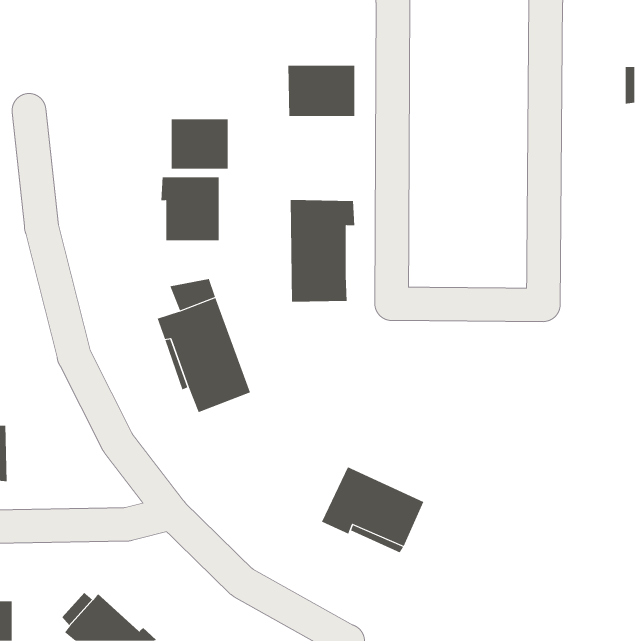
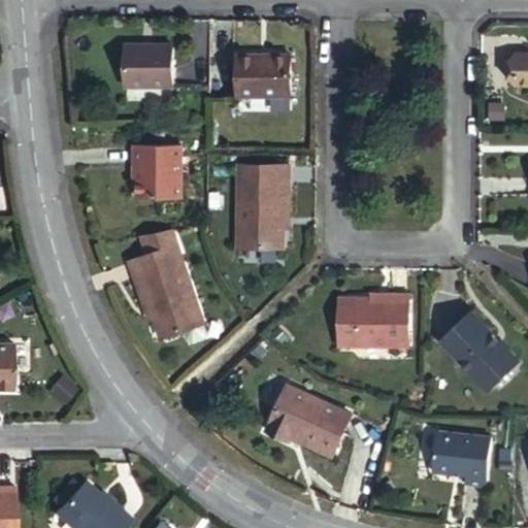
building: [171,119,229,169] -> [124,46,171,88]
building: none -> [336,293,407,344]
building: none -> [439,309,516,388]
building: none -> [430,430,489,485]

